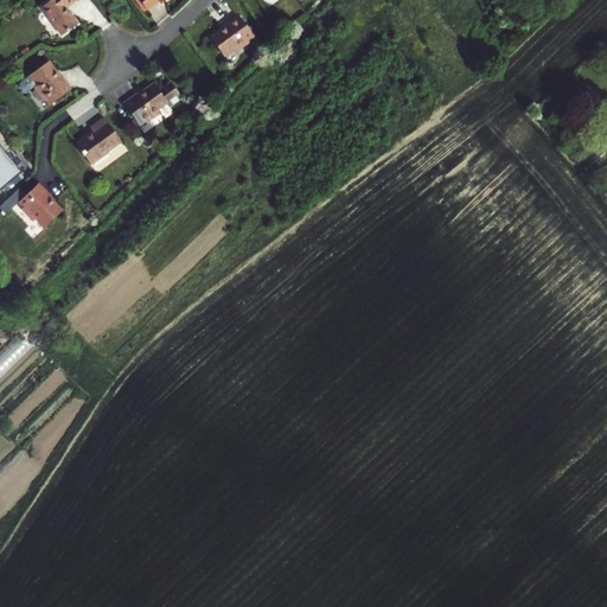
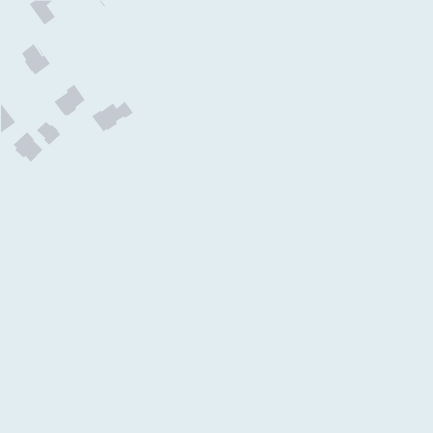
building: [209,14,253,56] -> none
building: [122,81,181,124] -> [91,101,134,132]
building: none -> [36,121,61,146]

